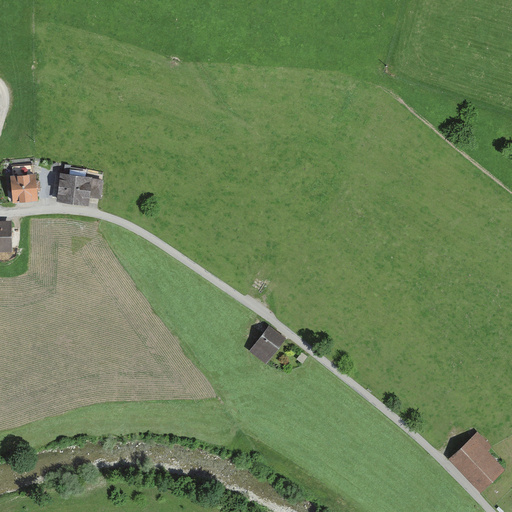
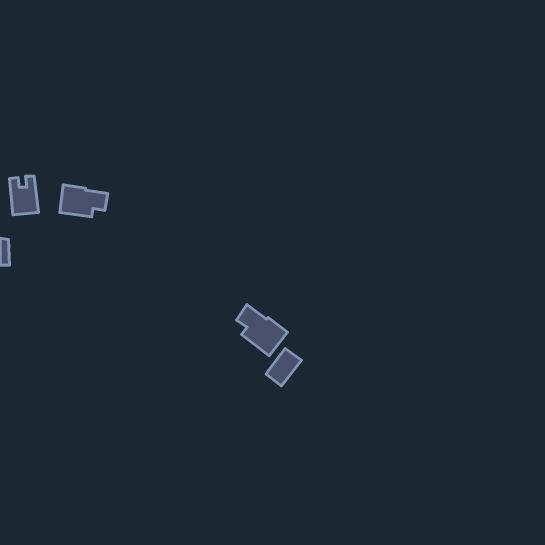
building: none -> [236,305,288,356]
building: [452,434,500,489] -> none

